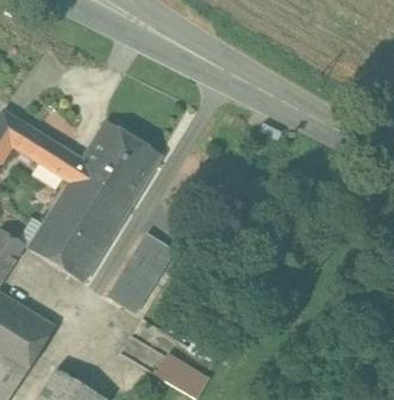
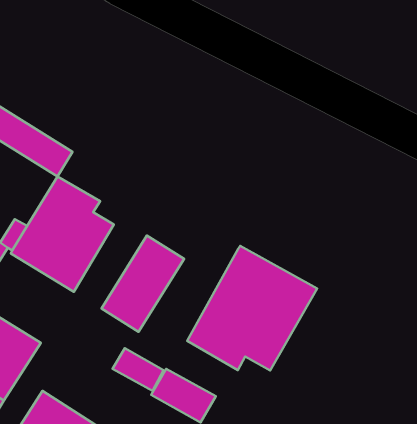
building: [70,120,161,222] -> none
building: none -> [187,246,317,371]

